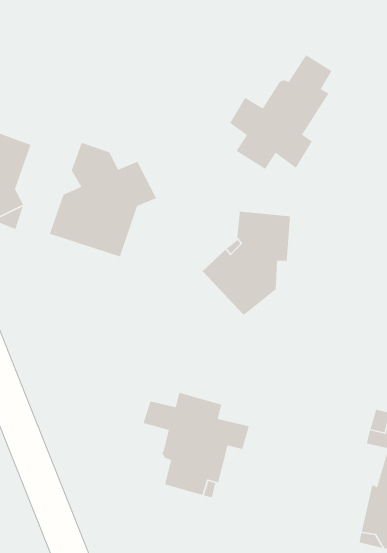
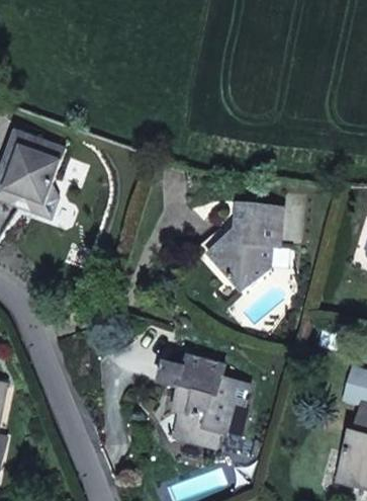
building: [229,54,333,170] -> none
building: [49,142,157,258] -> none

